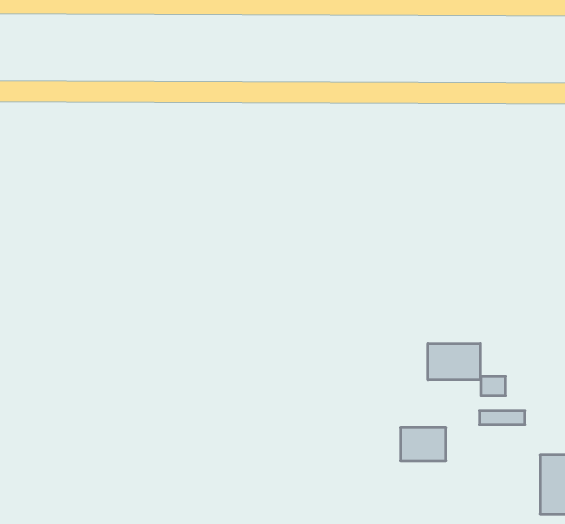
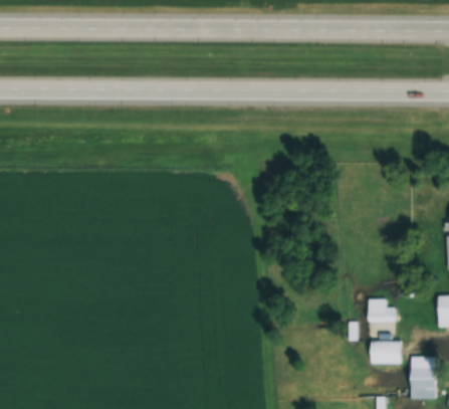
building: [428,343,480,380] -> none
building: [400,428,446,461] -> [368,341,401,365]

